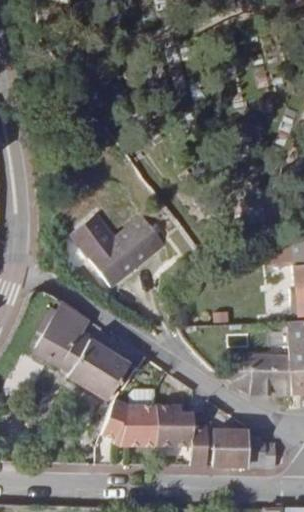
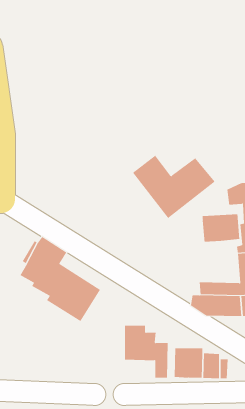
building: [70,213,166,287] -> [132,155,215,219]
building: none -> [202,213,240,242]
building: [100,389,156,445] -> none

